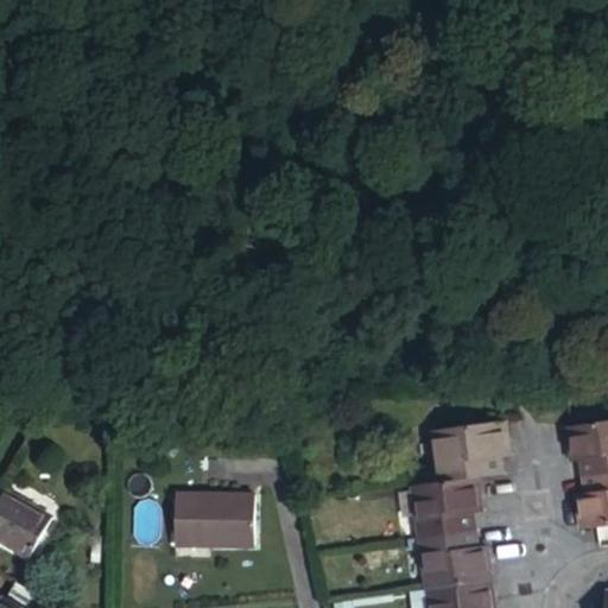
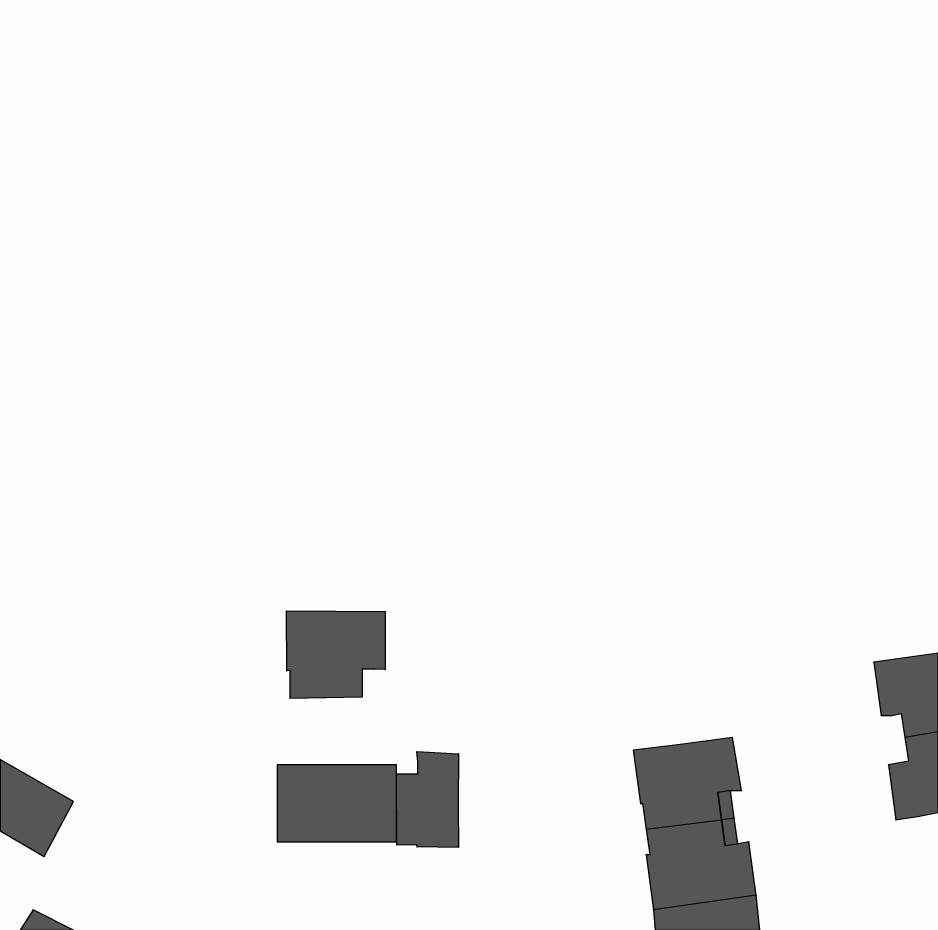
building: none -> [287,611,385,698]
building: [429,420,507,482] -> none
building: none -> [396,752,458,847]

